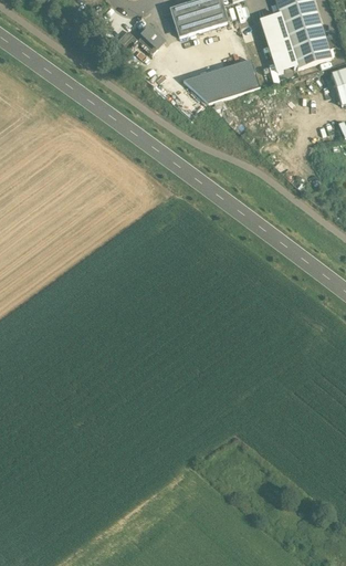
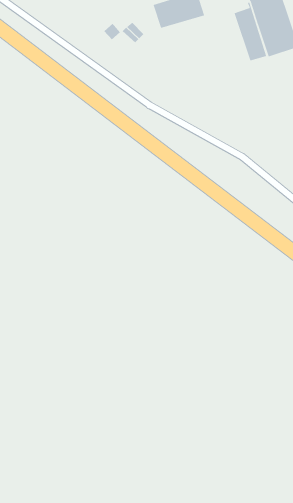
building: [184,59,260,104] -> none

